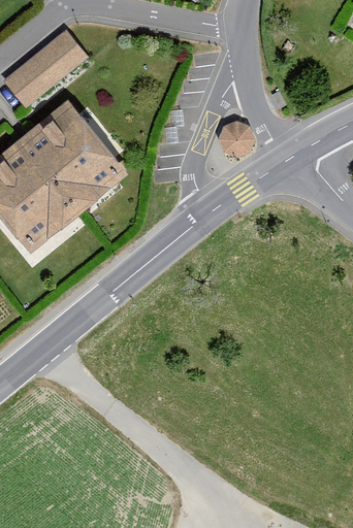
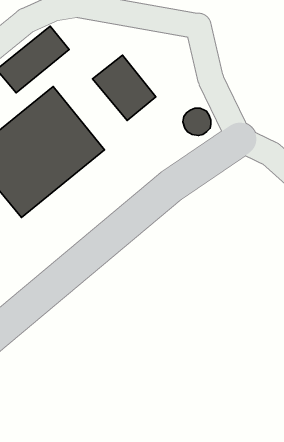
building: none -> [93,55,156,121]

